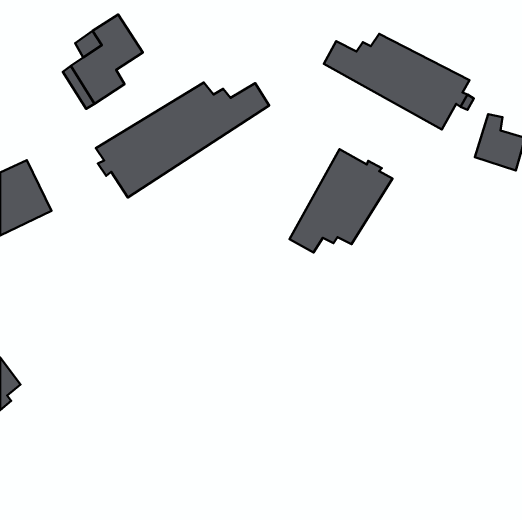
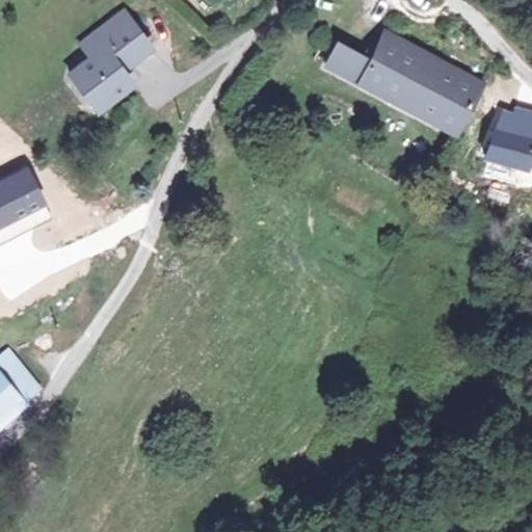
building: [96,83,269,197] -> none
building: [289,149,392,253] -> none

